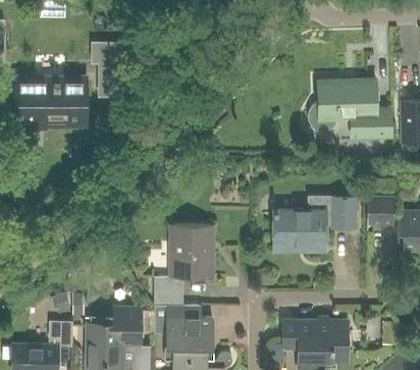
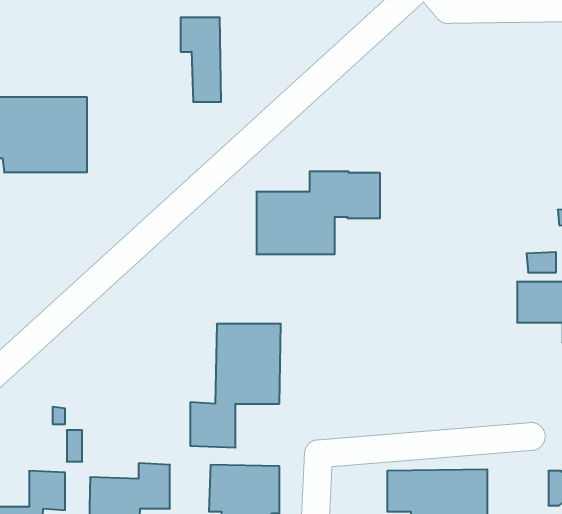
building: [93,40,119,95] -> [181,17,221,102]
building: [309,81,390,138] -> none
building: [274,197,355,251] -> [256,171,380,254]

